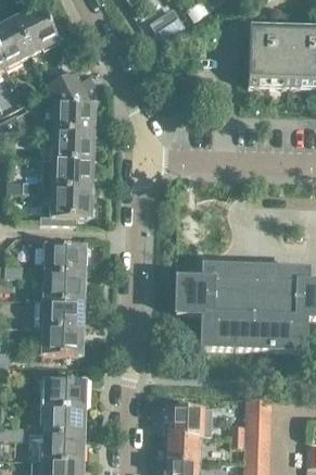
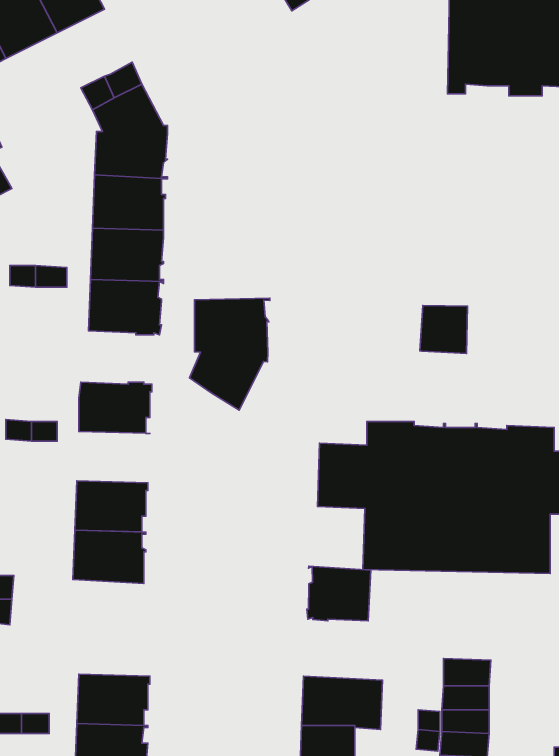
building: none -> [189,298,270,410]
building: none -> [420,305,468,354]
building: [43,272,84,300] -> none
building: none -> [307,566,371,621]
building: [45,378,85,407] -> none

